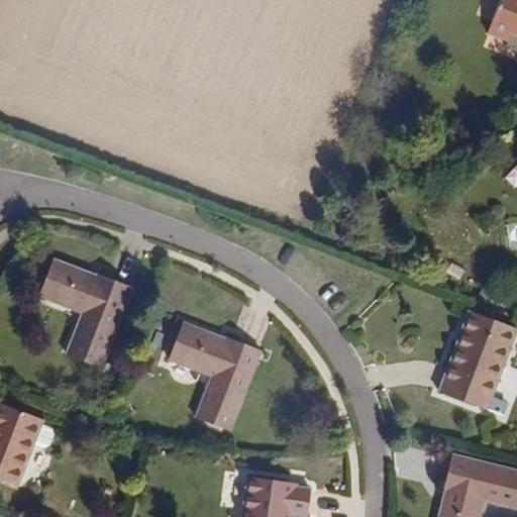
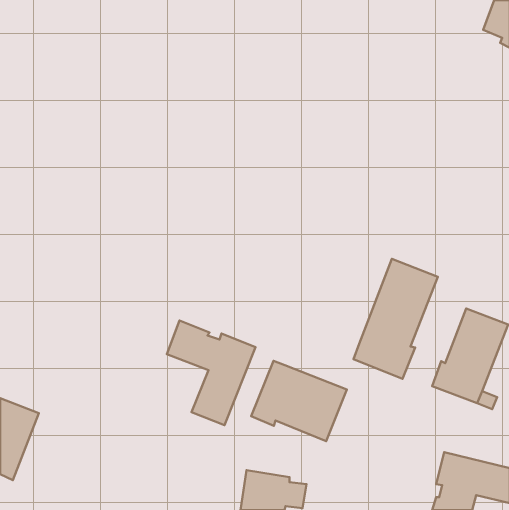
building: [39,260,130,367] -> none
building: none -> [353,259,438,379]
building: none -> [251,361,347,441]

